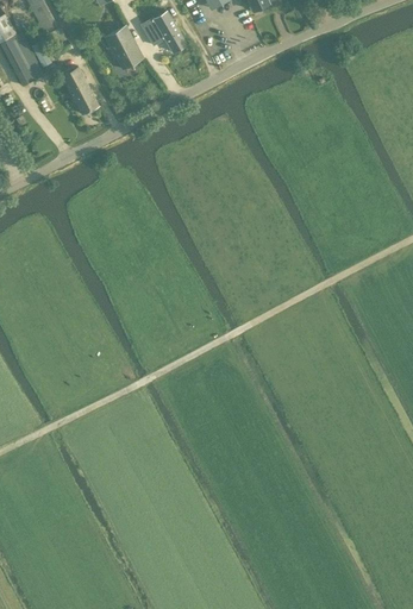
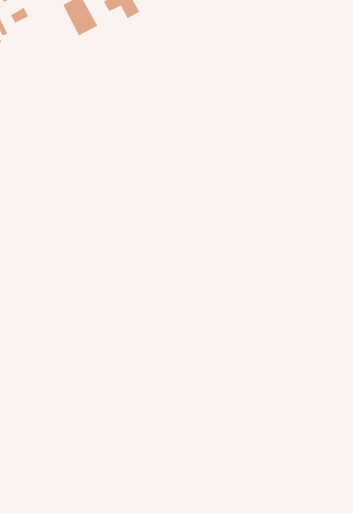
building: [61,65,96,112] -> none

